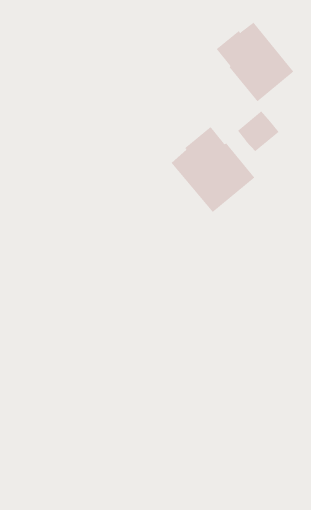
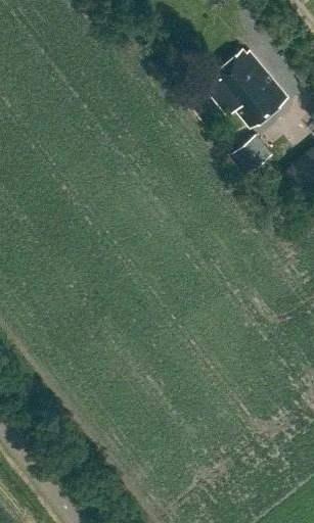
building: [171,126,255,213] -> none

